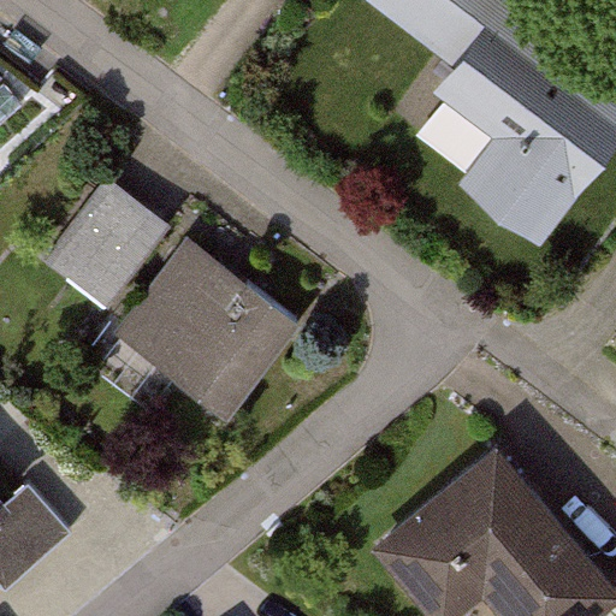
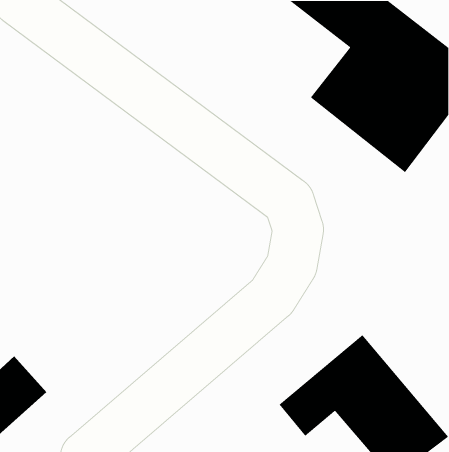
building: [52,191,158,300] -> none
building: [111,243,289,419] -> none

